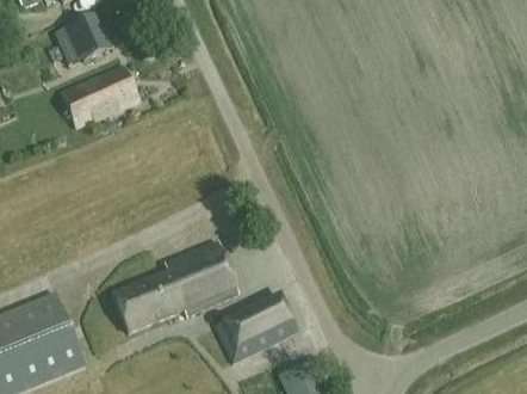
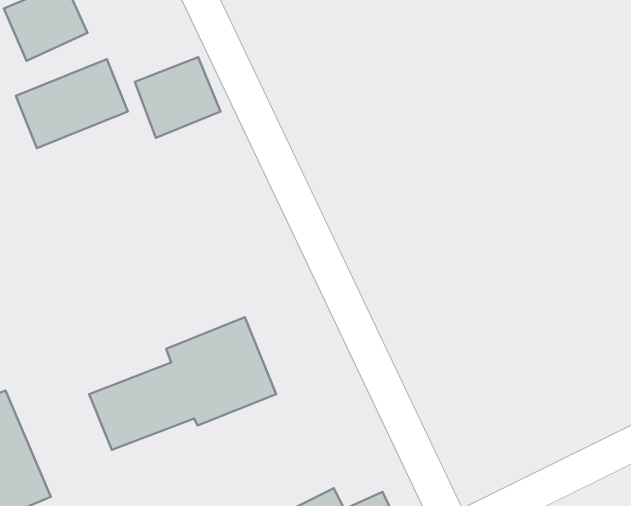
building: none -> [135,57,221,138]
building: [217,295,299,363] -> none

